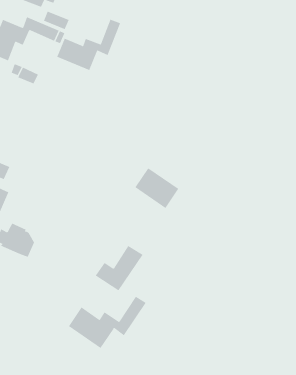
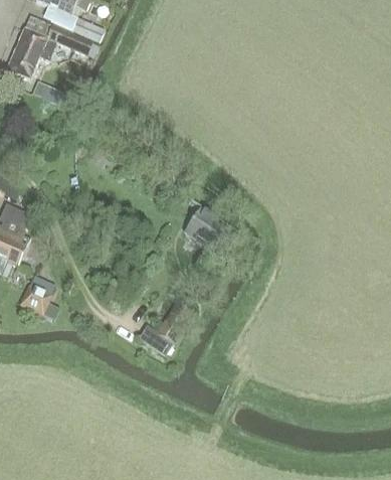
building: [57,19,121,71] -> none
building: [68,296,147,349] -> none

